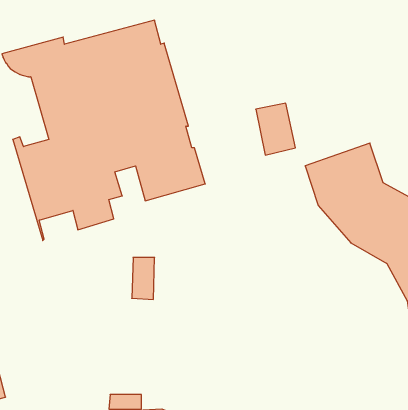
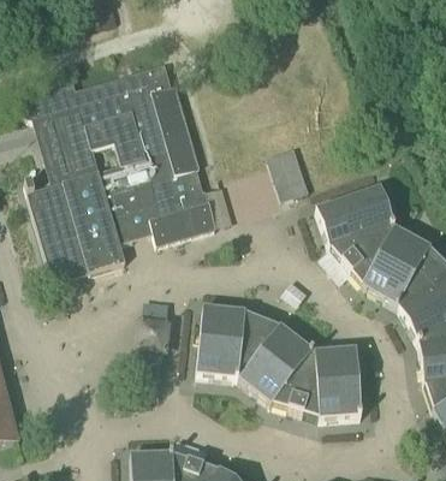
building: none -> [197,307,363,420]

